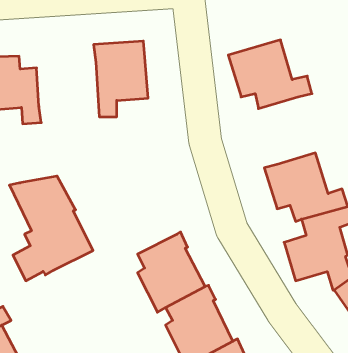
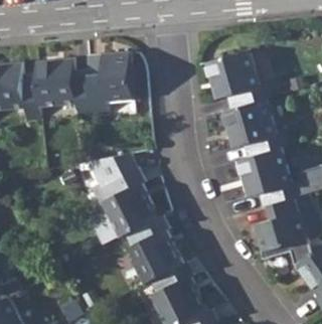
building: none -> [37,57,93,118]
building: none -> [220,99,293,157]
building: [9,176,93,281] -> [88,153,160,244]

